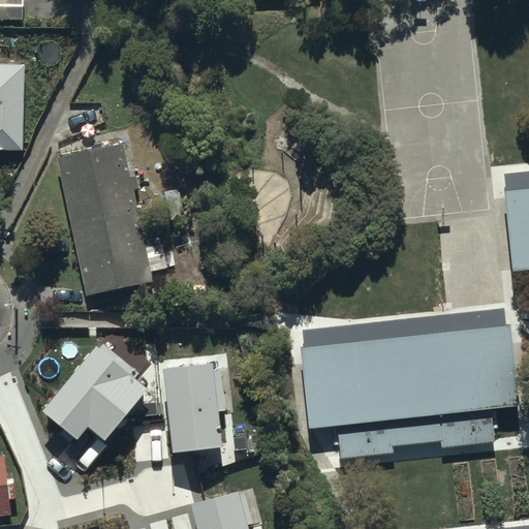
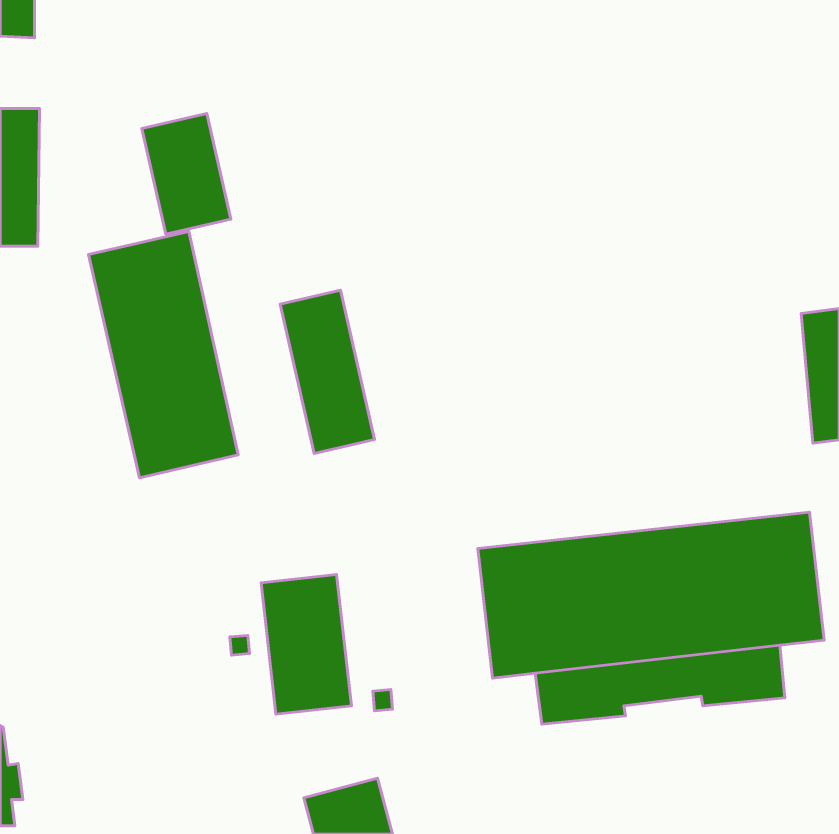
building: none -> [142,113,231,234]
building: none -> [280,290,374,454]
building: [44,344,147,435] -> none

